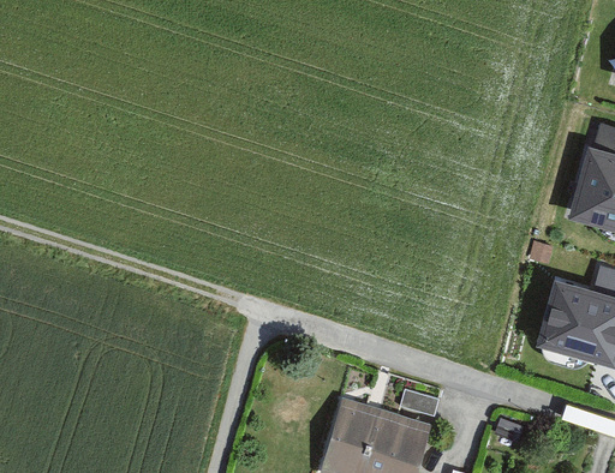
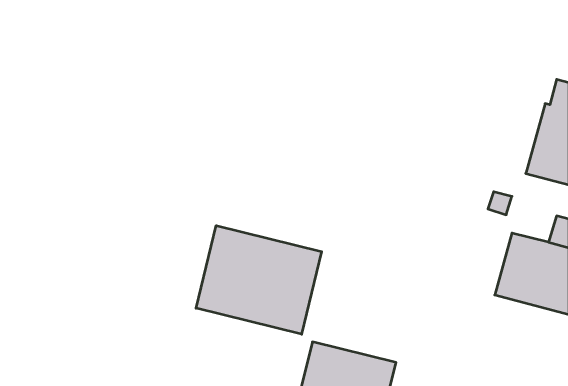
building: none -> [196,226,322,334]

